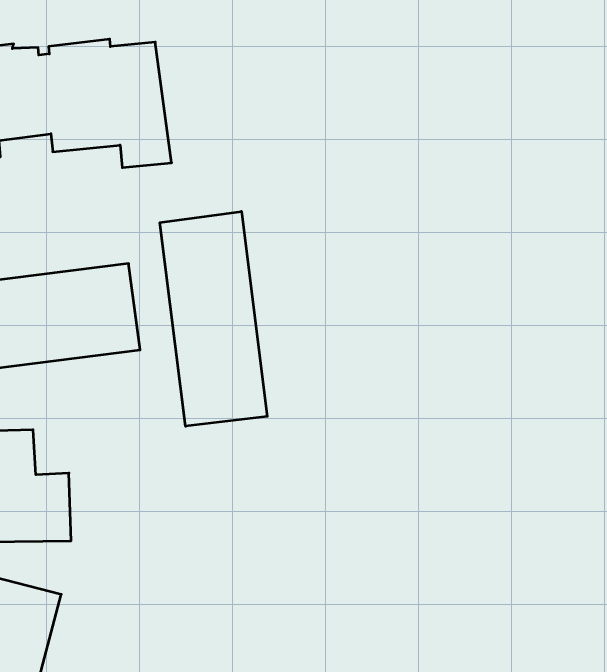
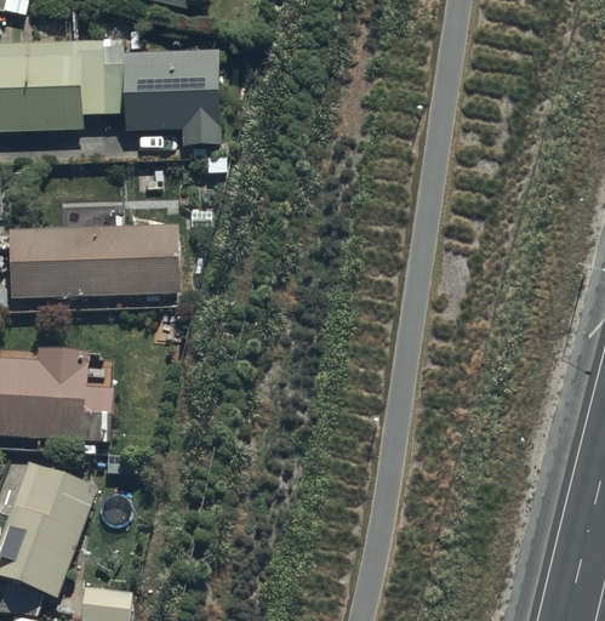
building: [160,211,267,426] -> none

